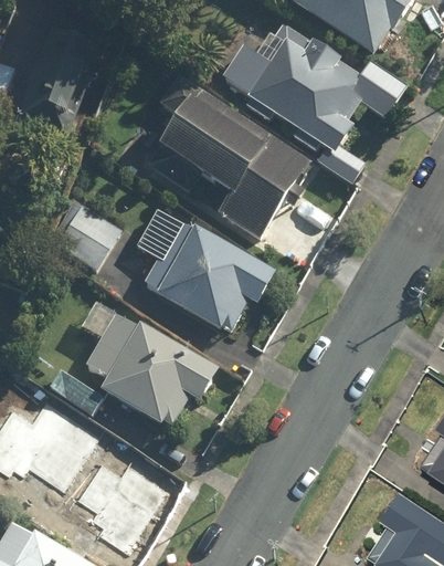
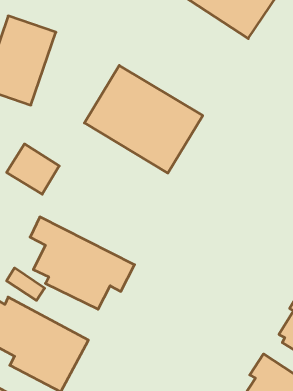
building: [216,19,409,185] -> none
building: [147,220,278,333] -> none

